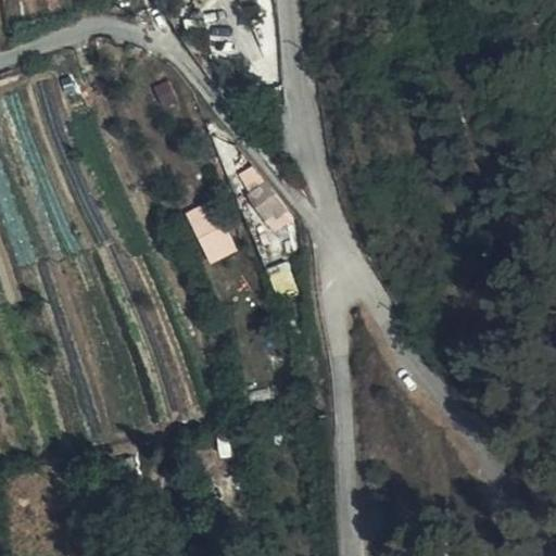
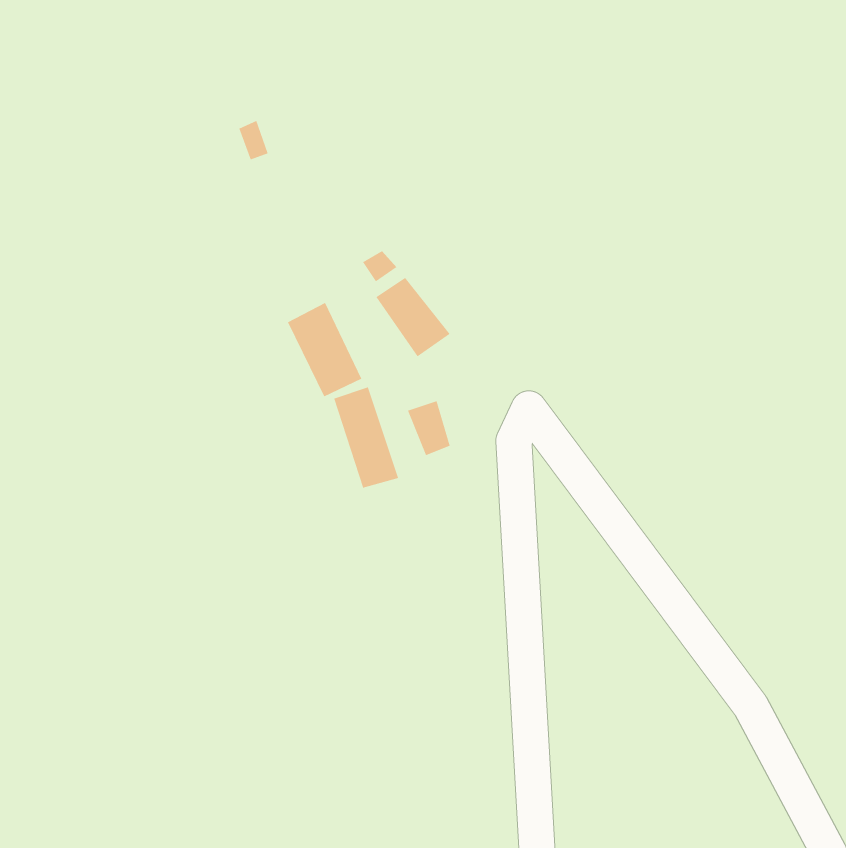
building: none -> [333,387,399,488]

